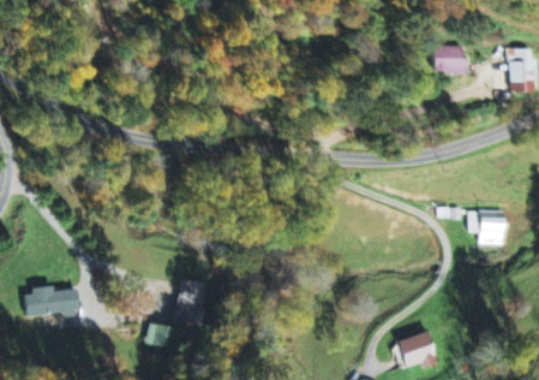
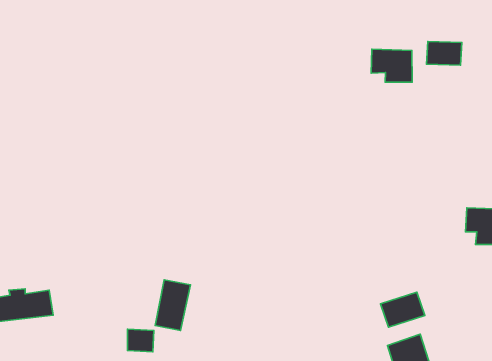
building: none -> [371,49,412,82]
building: none -> [380,292,425,327]

